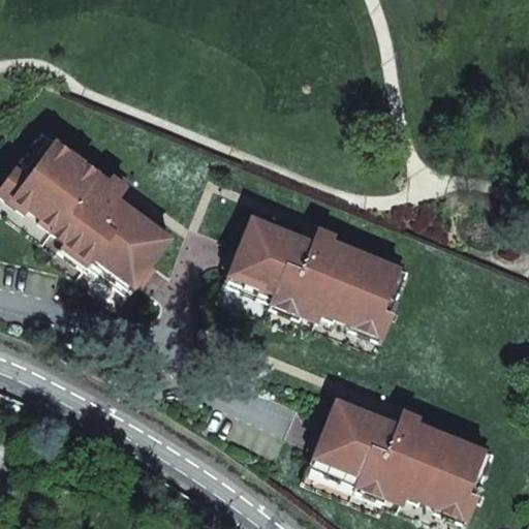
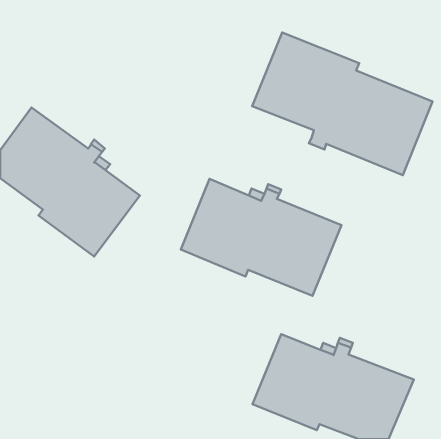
building: none -> [252,33,433,175]

